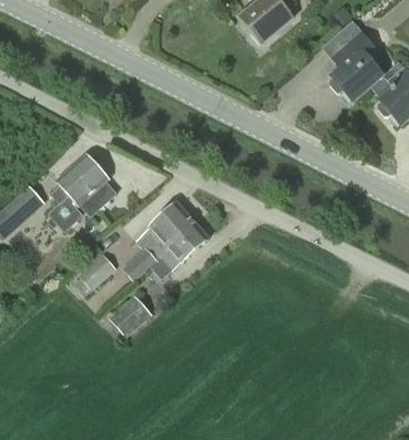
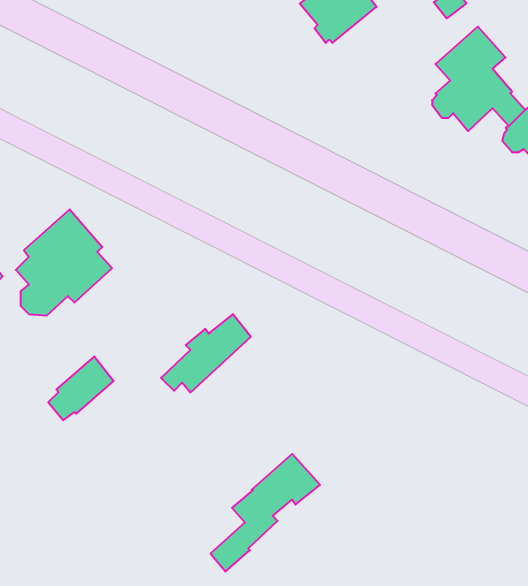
building: [122,201,196,280] -> [211,454,320,572]
building: [109,297,151,337] -> none

